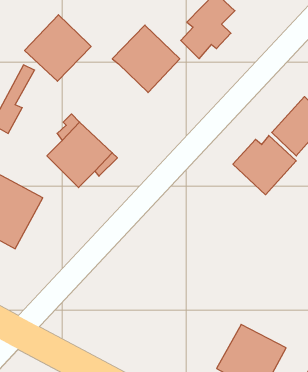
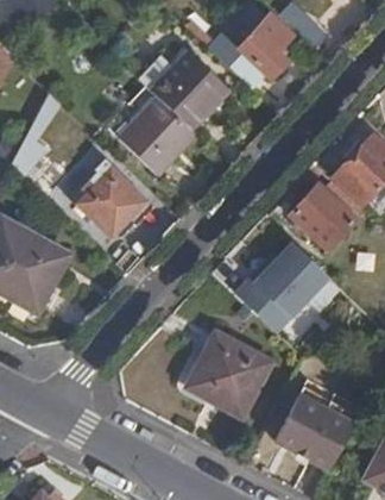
building: [25,15,91,81] -> [118,96,195,174]
building: none -> [236,239,330,332]
building: none -> [189,332,272,418]

